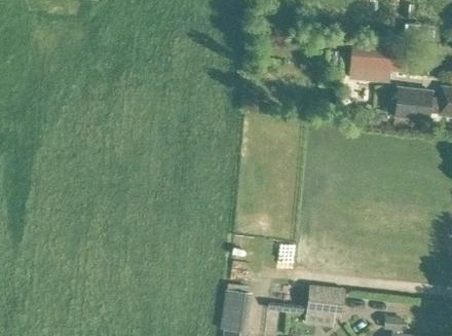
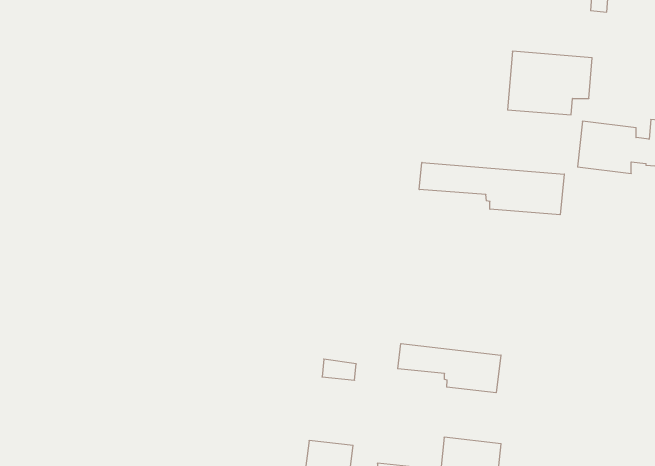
building: none -> [419,162,564,215]
building: none -> [398,344,501,393]

